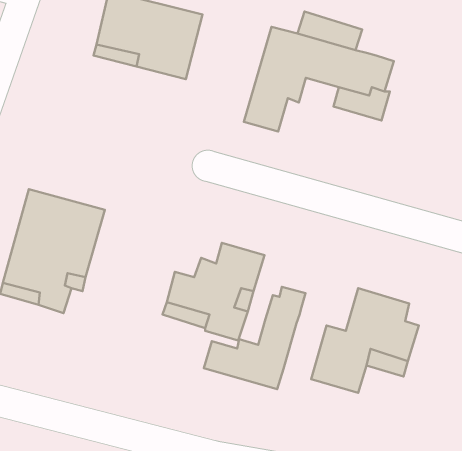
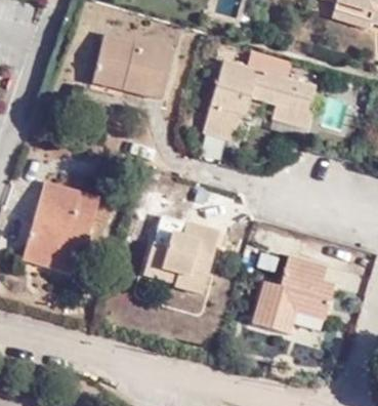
building: [204,287,305,389] -> none

